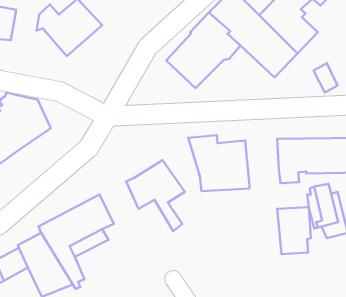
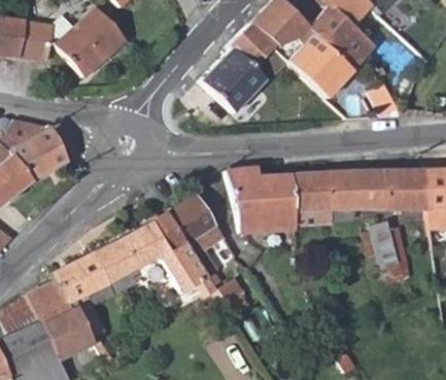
building: none -> [21,21,54,59]
building: none -> [124,219,209,296]
building: [277,207,311,254] -> [293,170,332,224]

